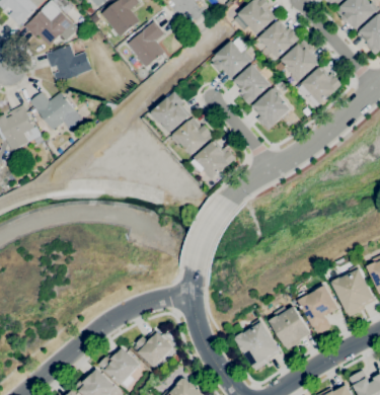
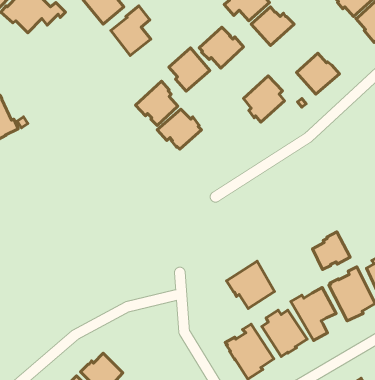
building: [281,40,318,82] -> none
building: [46,45,91,83] -> none
building: [233,64,272,104] -> [169,48,210,91]
building: [30,91,83,130] -> none
building: [196,140,236,180] -> none
building: none -> [312,232,350,269]
building: none -> [226,261,275,308]
building: [134,328,173,367] -> none

